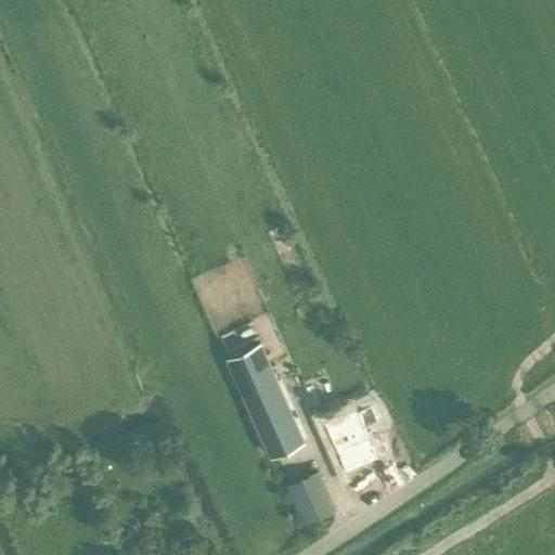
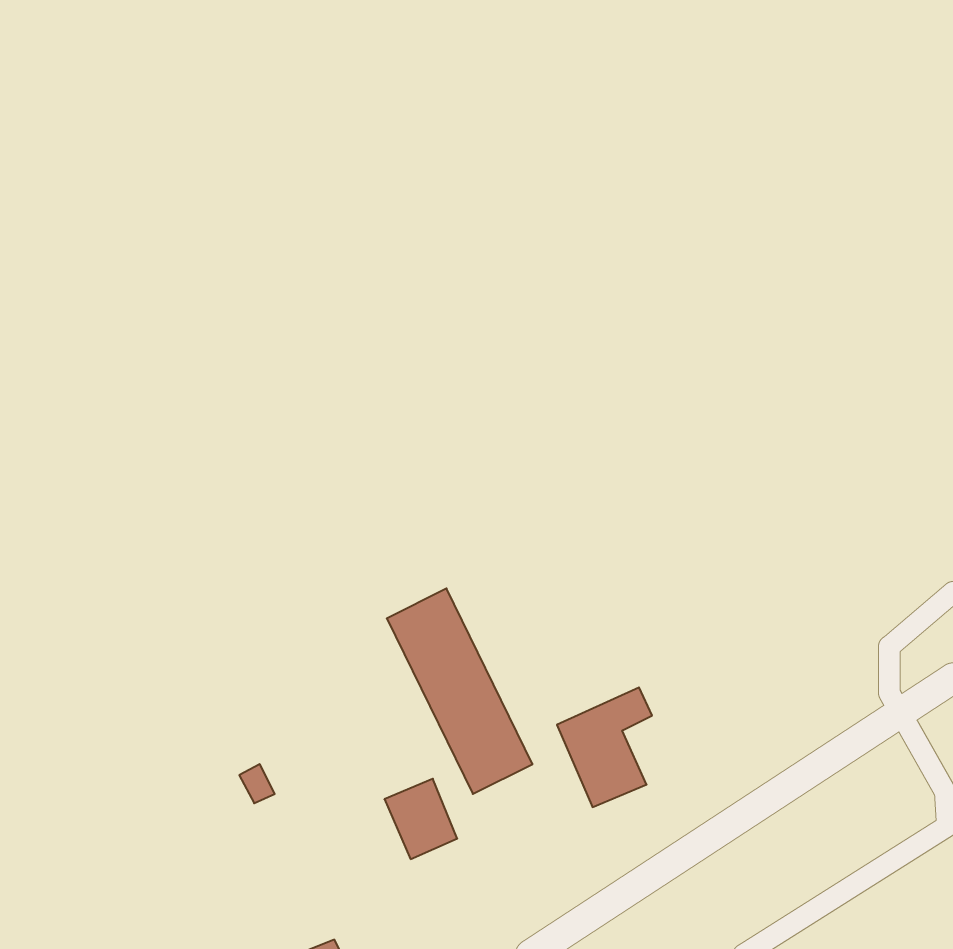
building: [289,474,332,520] -> [384,779,457,859]

